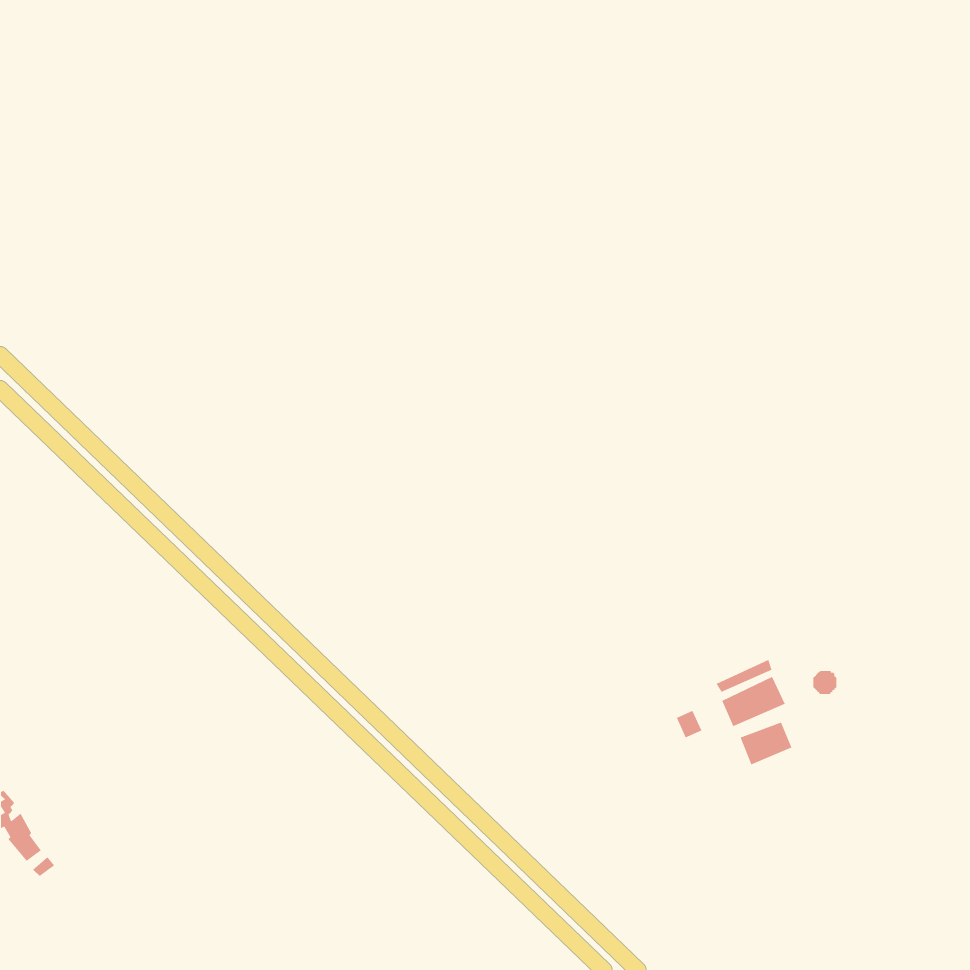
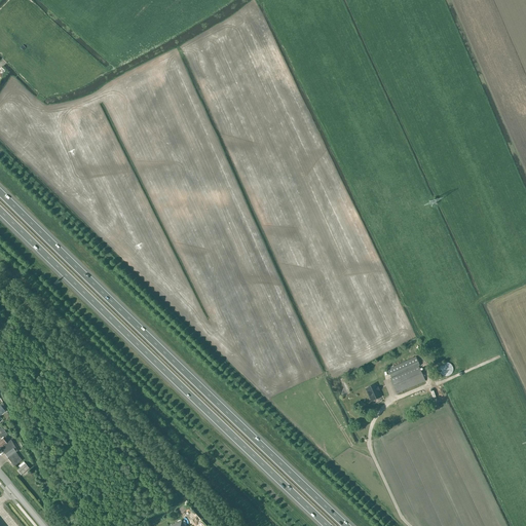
building: [739,722,793,766] -> none

